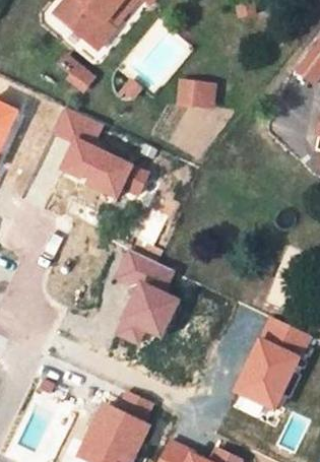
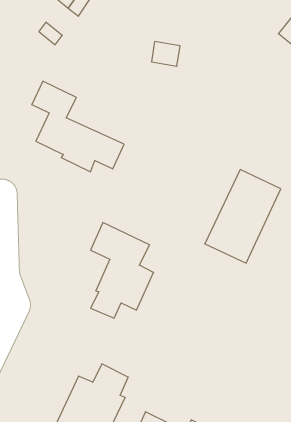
building: [233,319,309,412] -> [205,170,281,263]

